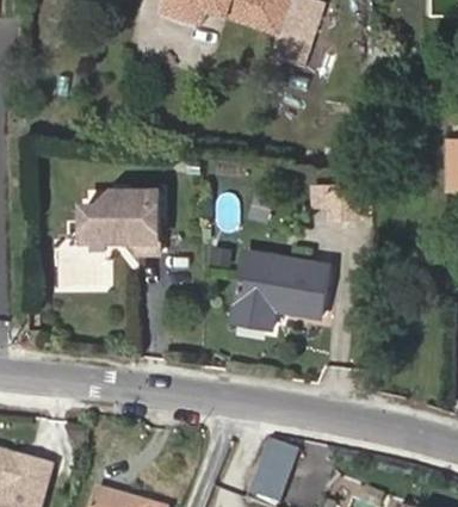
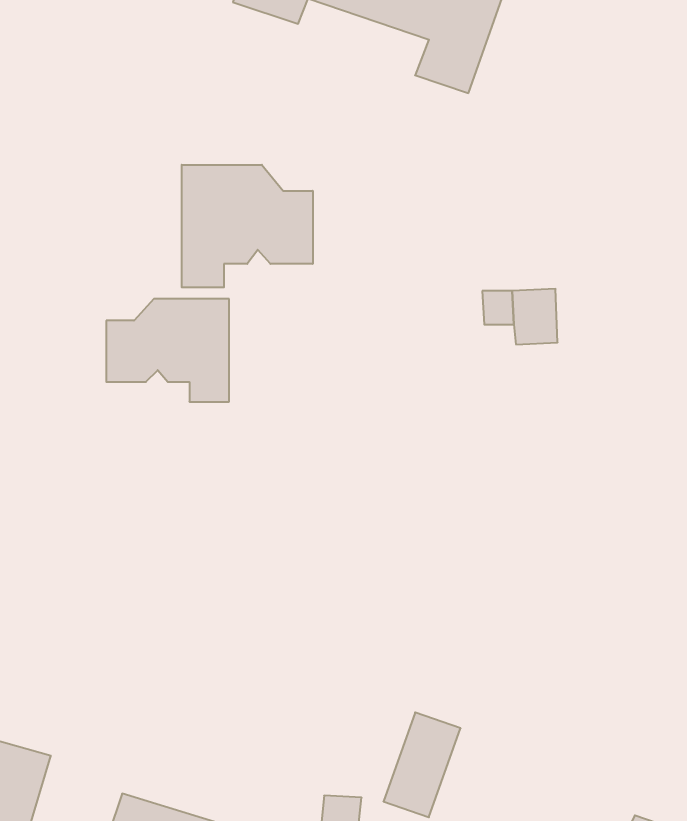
building: none -> [182,165,313,287]
building: [231,251,328,326] -> none

